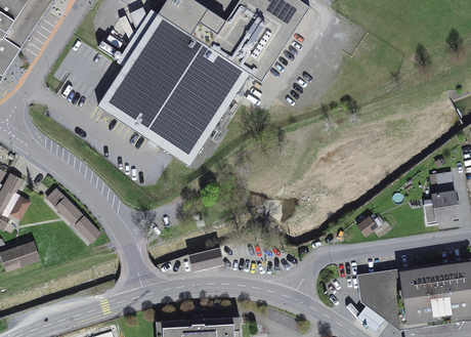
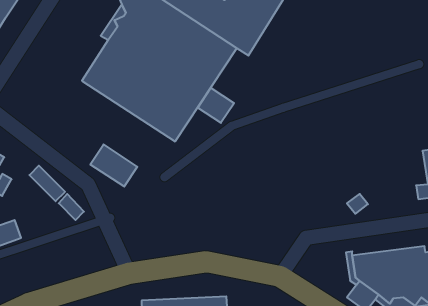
building: none -> [198,88,234,123]
building: none -> [90,144,137,187]
building: [190,248,222,268] -> none

